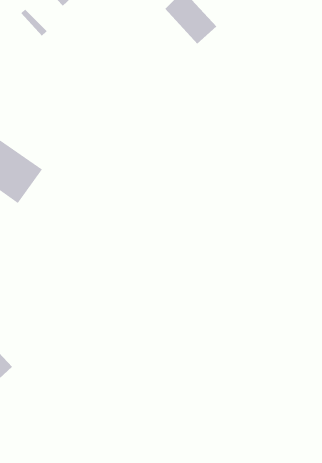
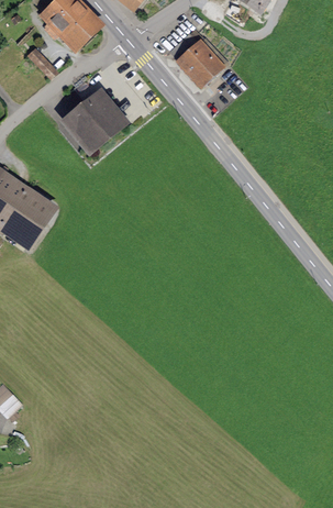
building: none -> [68,77,122,148]

